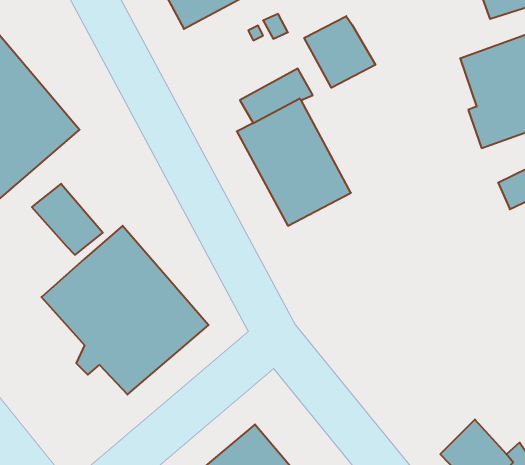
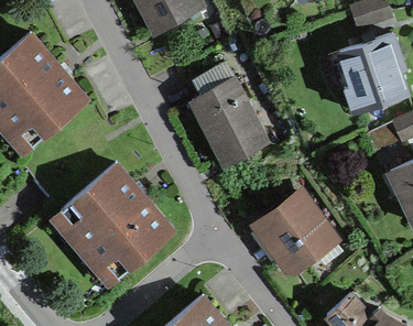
building: [304,16,375,88] -> none
building: [32,184,103,255] -> none
building: none -> [260,195,333,269]

